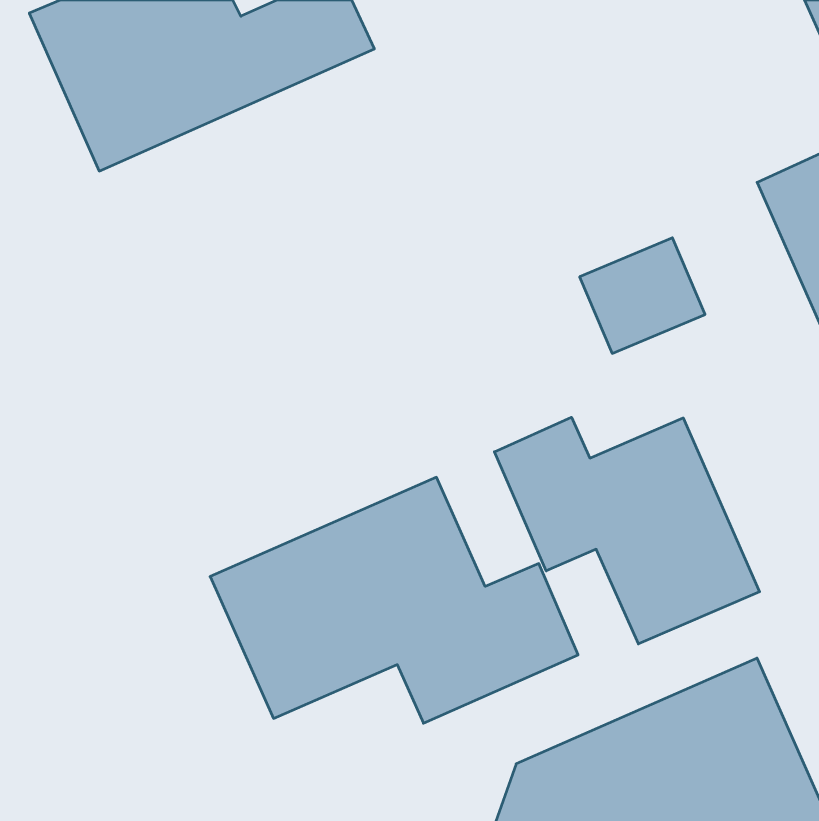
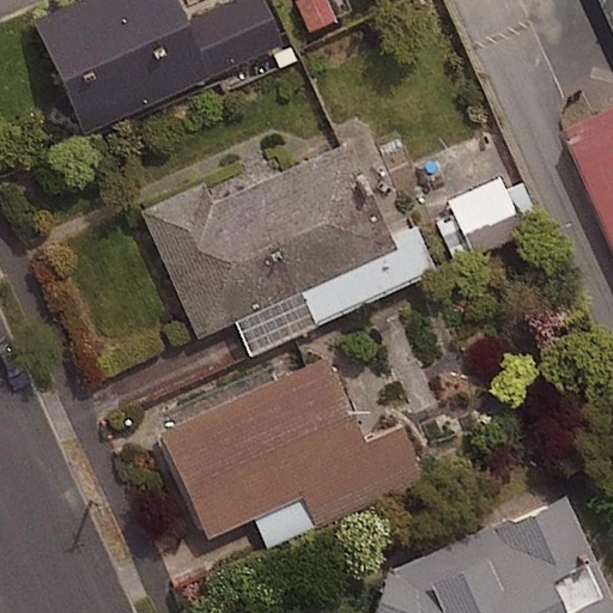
building: none -> [144,141,399,338]
building: [494,417,760,644] -> none

